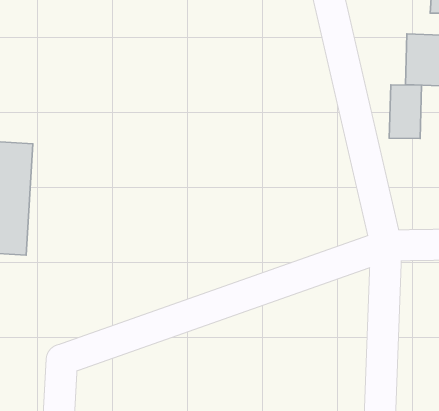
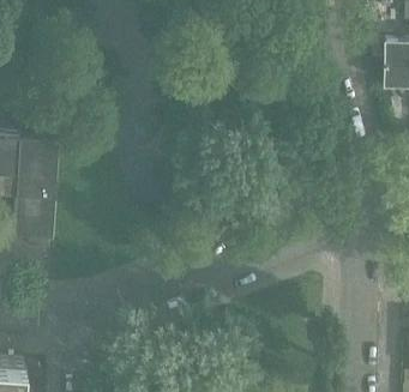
building: [389,85,421,138] -> none

